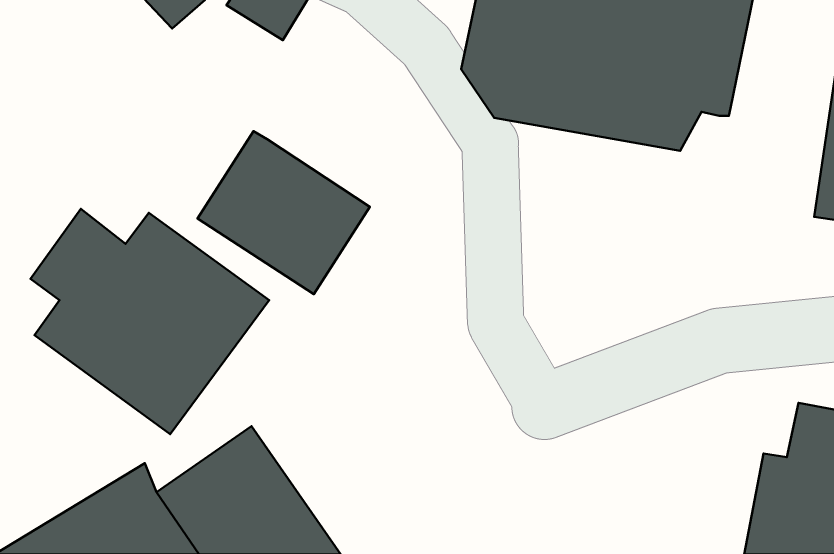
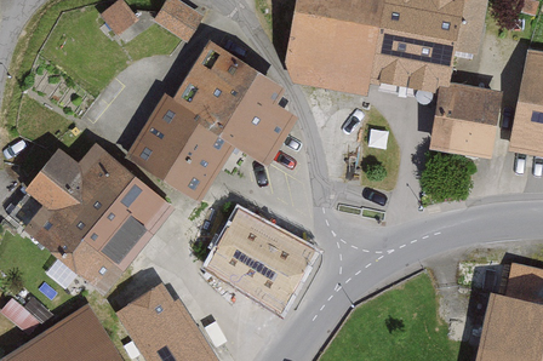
building: none -> [171,35,307,166]
building: none -> [442,81,515,159]
building: none -> [208,212,307,303]

